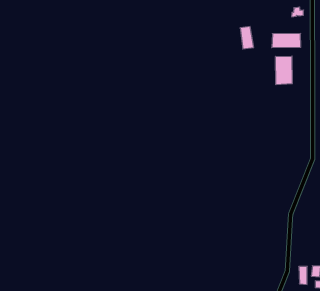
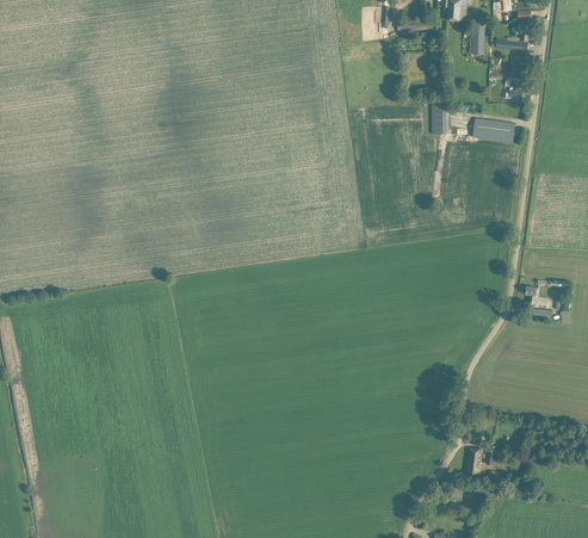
building: [276,56,292,85] -> none

